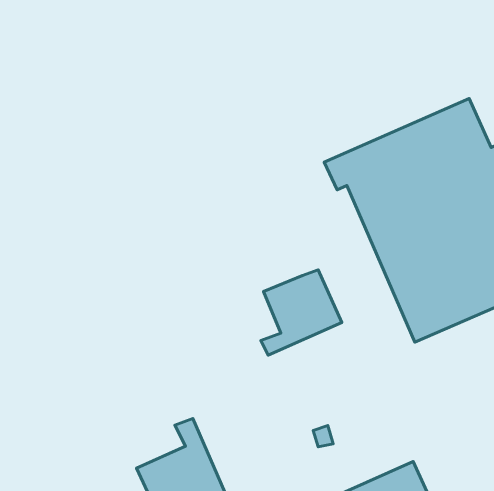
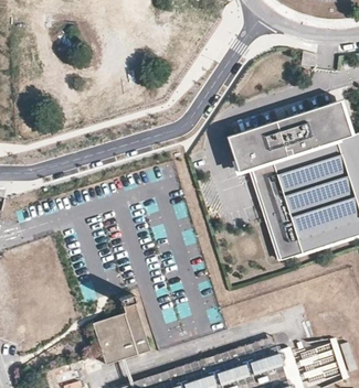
building: [261,270,342,355] -> none

